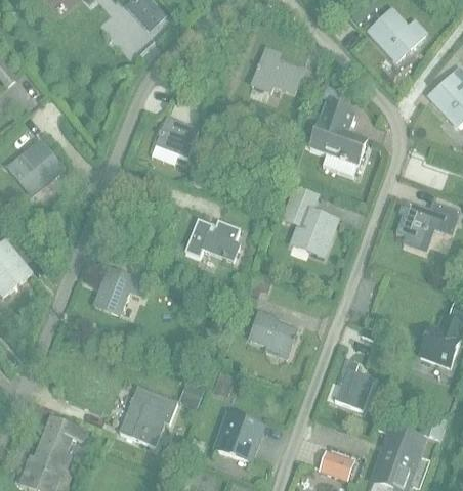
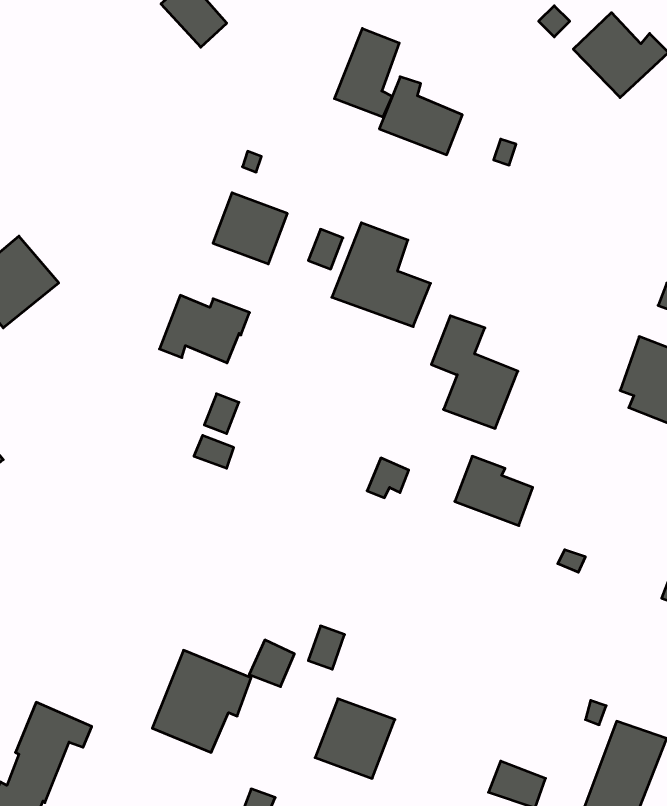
building: none -> [334,28,399,117]
building: [309,102,368,164] -> [332,223,431,327]
building: [186,219,240,259] -> [159,295,250,363]
building: [94,267,148,315] -> none
building: [250,312,296,353] -> [455,456,533,526]
building: [339,359,373,409] -> none

